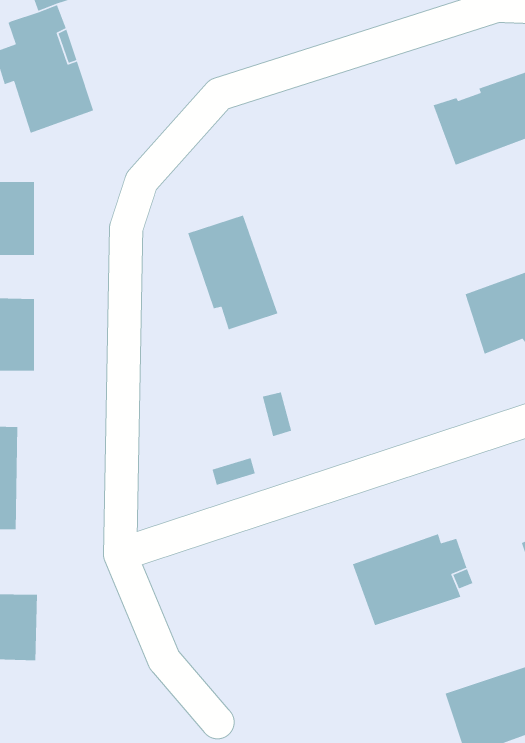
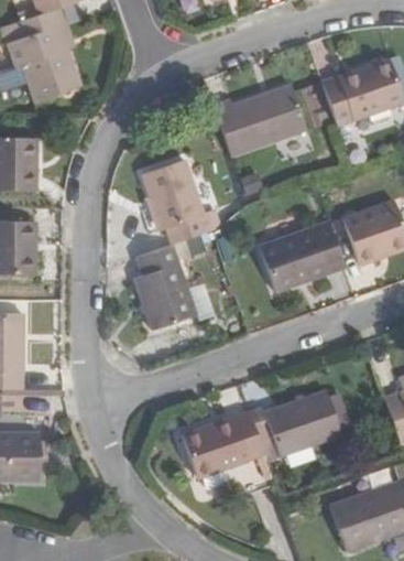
building: none -> [212,82,307,153]
building: none -> [260,222,347,292]
building: none -> [137,242,201,331]
building: none -> [178,411,264,479]

